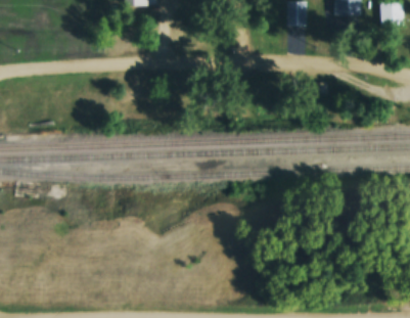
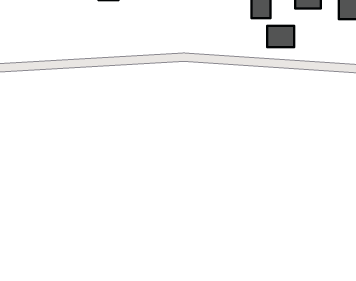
building: none -> [267,26,294,47]

